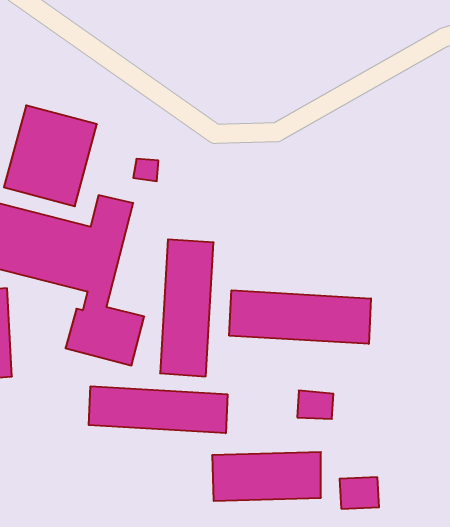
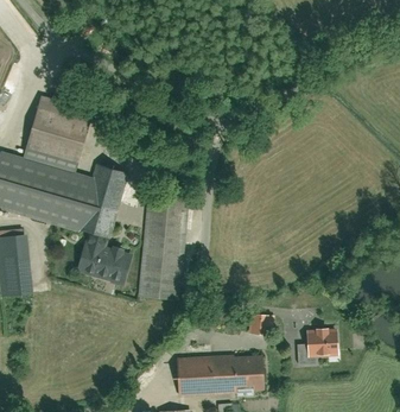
building: [229,290,371,344] -> none
building: [89,386,227,433] -> none
building: [340,477,379,509] -> [307,332,337,356]

